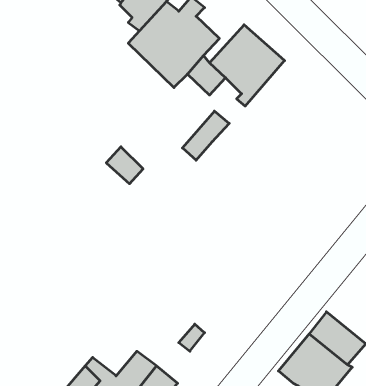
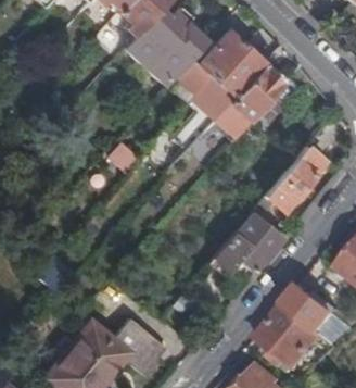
building: none -> [220,63,283,130]
building: none -> [262,147,325,214]
building: none -> [208,213,281,274]

